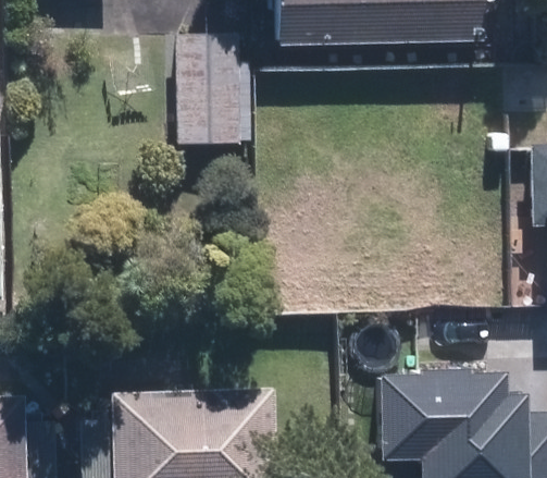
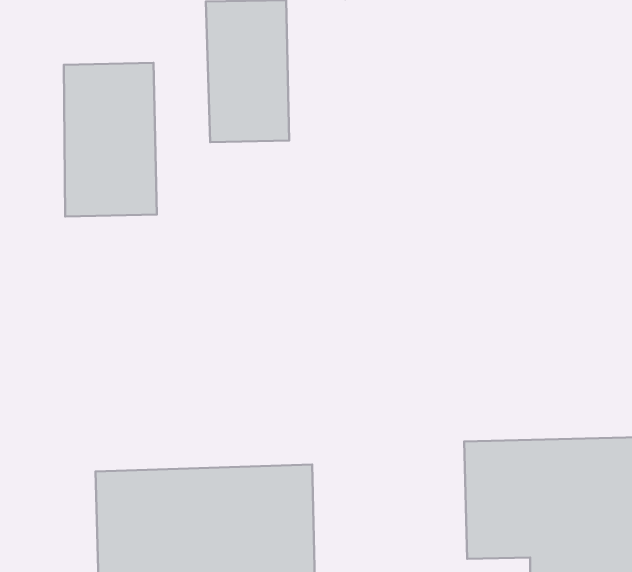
building: none -> [64,63,157,217]

